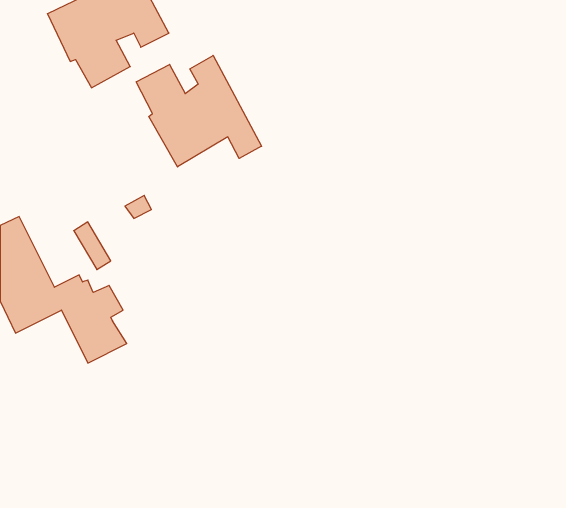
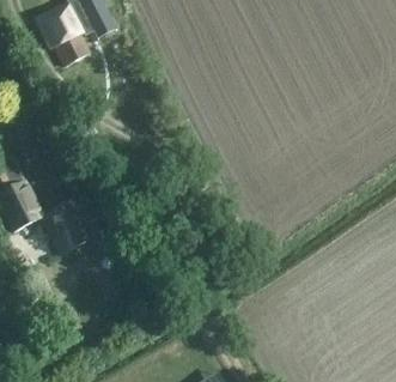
building: [136,55,262,167] -> none

